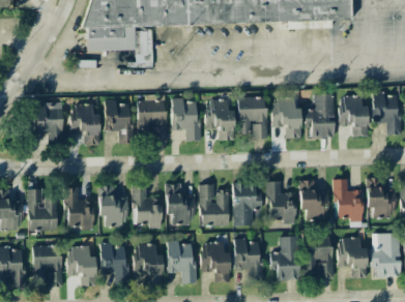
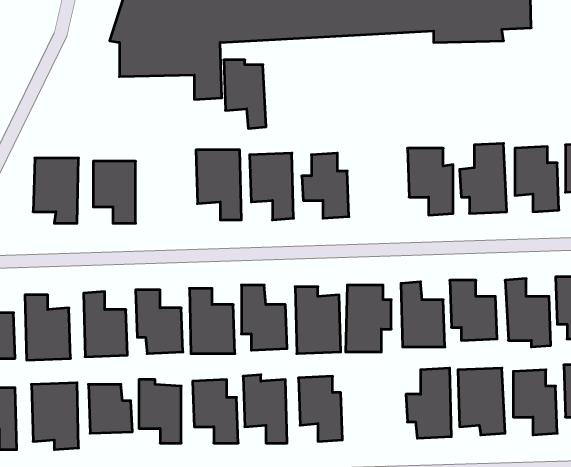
building: [237,96,267,140] -> none
building: [104,100,131,144] -> [224,60,266,128]
building: [234,240,261,280] -> none

